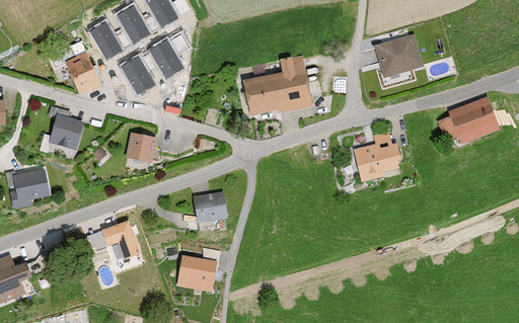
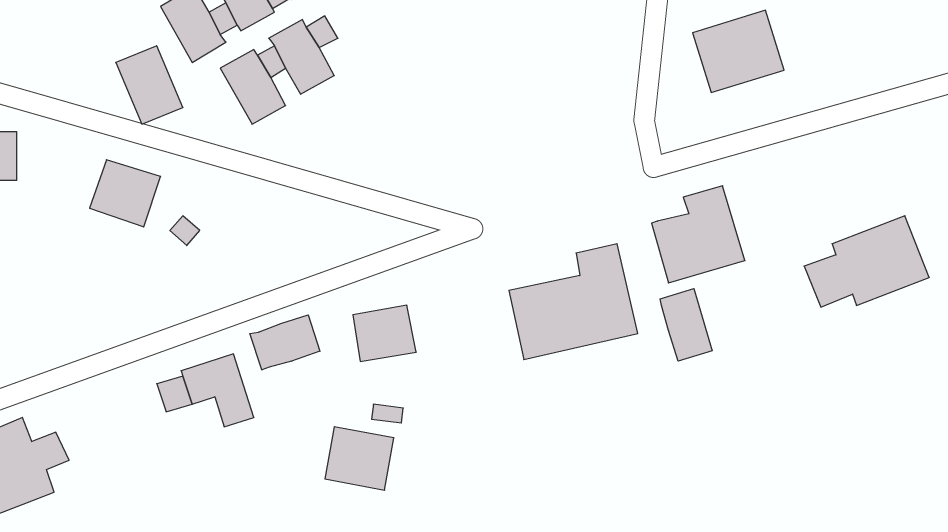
building: [246,54,316,116] -> [509,244,638,360]
building: [436,95,504,145] -> [804,216,929,307]
building: [129,132,159,160] -> none
building: [8,167,50,209] -> none
building: none -> [660,289,712,361]
building: none -> [250,315,320,370]

